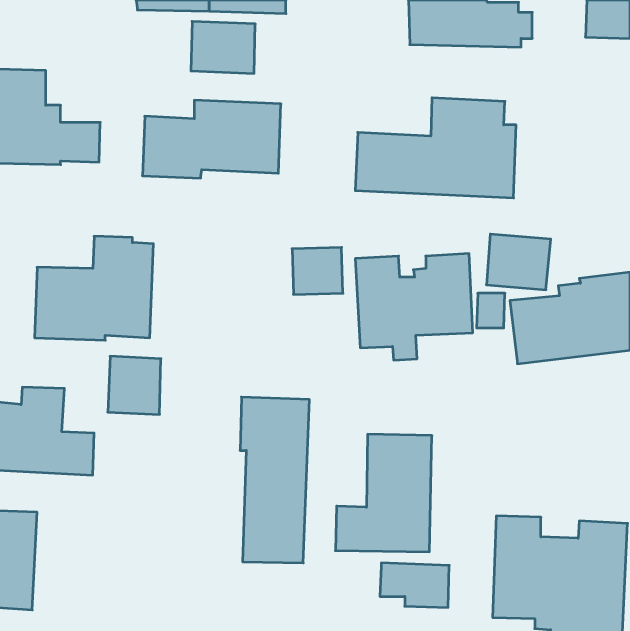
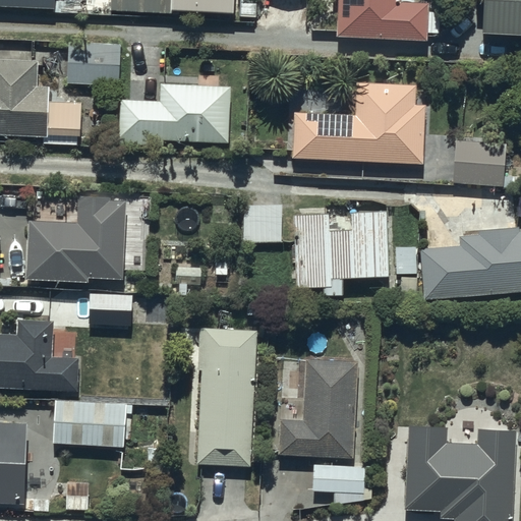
building: [191,21,255,73] -> [68,42,121,84]
building: [486,234,551,290] -> [452,140,505,186]
building: none -> [54,398,128,446]

